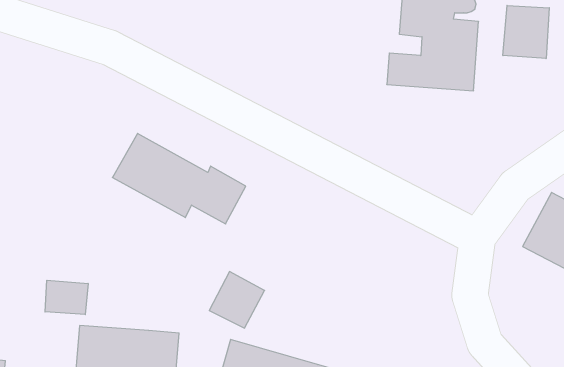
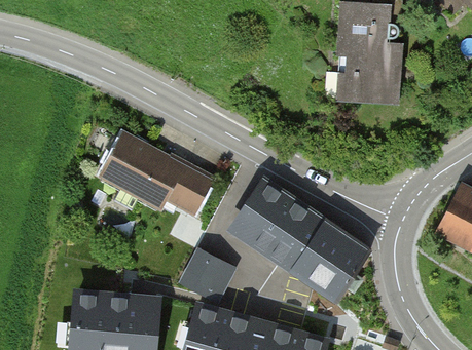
building: [503,5,549,59] -> none
building: none -> [233,181,370,300]
building: [45,280,88,315] -> none

